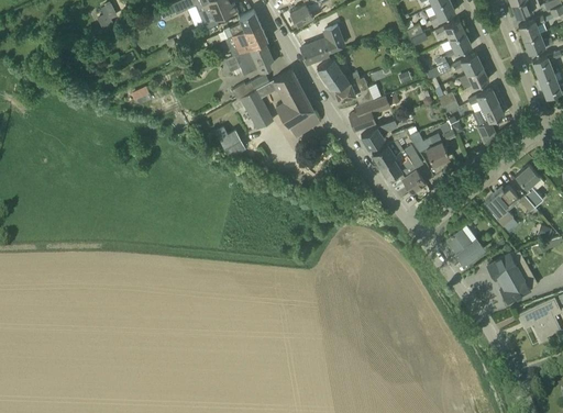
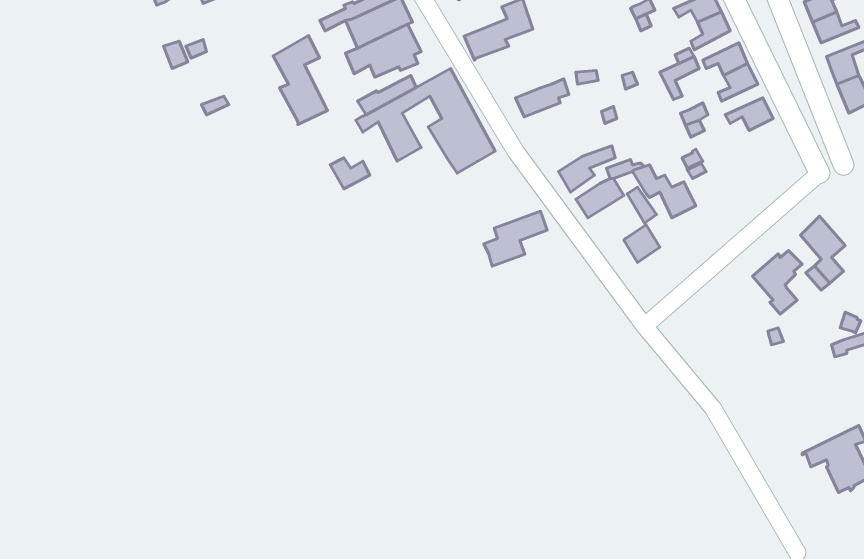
building: none -> [273,36,328,124]
building: [317,58,356,90] -> none
building: [349,96,389,131] -> [484,211,547,266]
building: [473,102,504,137] -> none
building: [379,156,417,179] -> none
building: [448,230,484,265] -> none
building: [487,253,530,302] -> none

